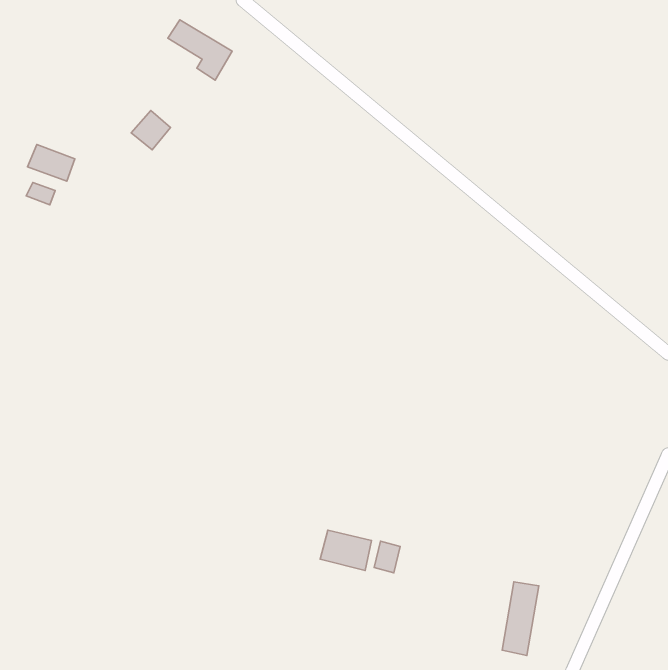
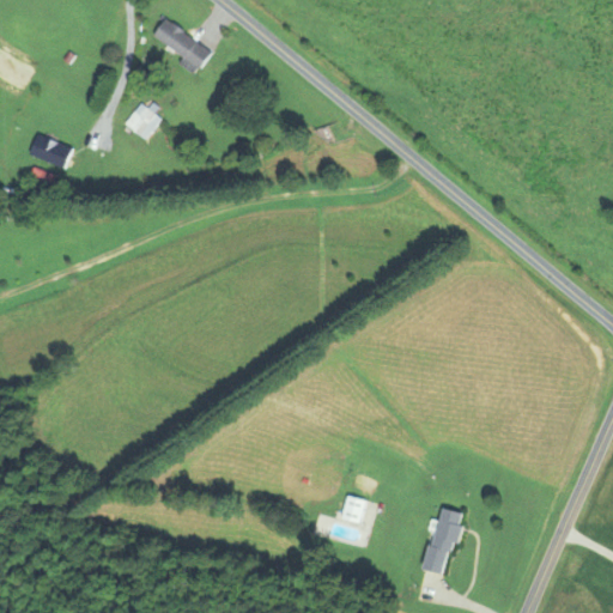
building: [320,530,372,570] -> none
building: [502,582,539,655] -> [429,506,462,573]

